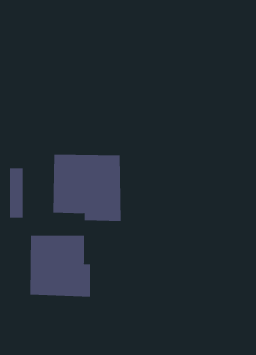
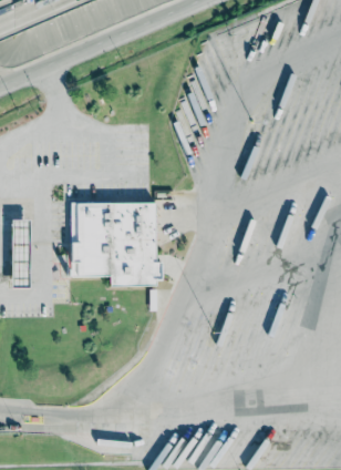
building: [30,235,91,298] -> none

